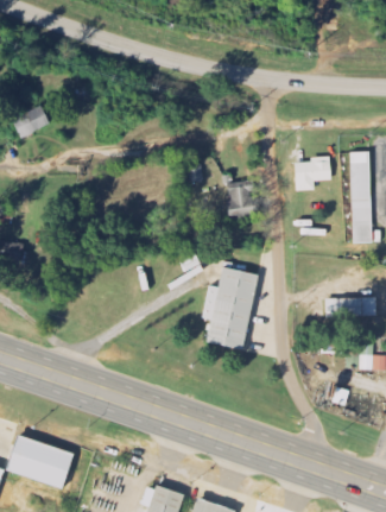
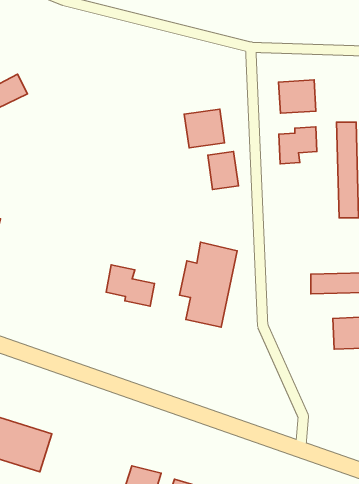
building: none -> [279,80,316,113]
building: none -> [184,109,225,148]
building: none -> [106,265,155,306]

